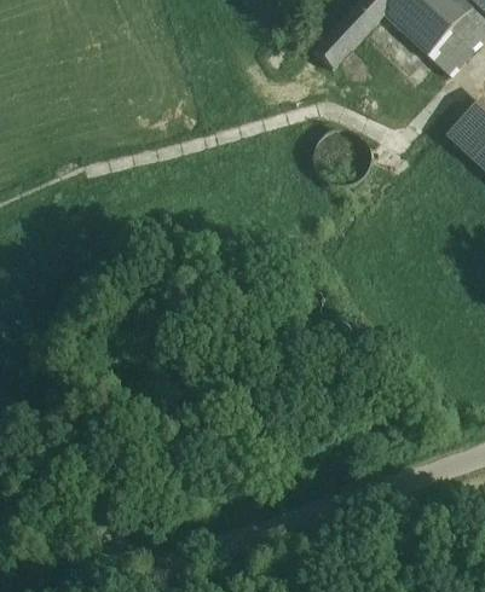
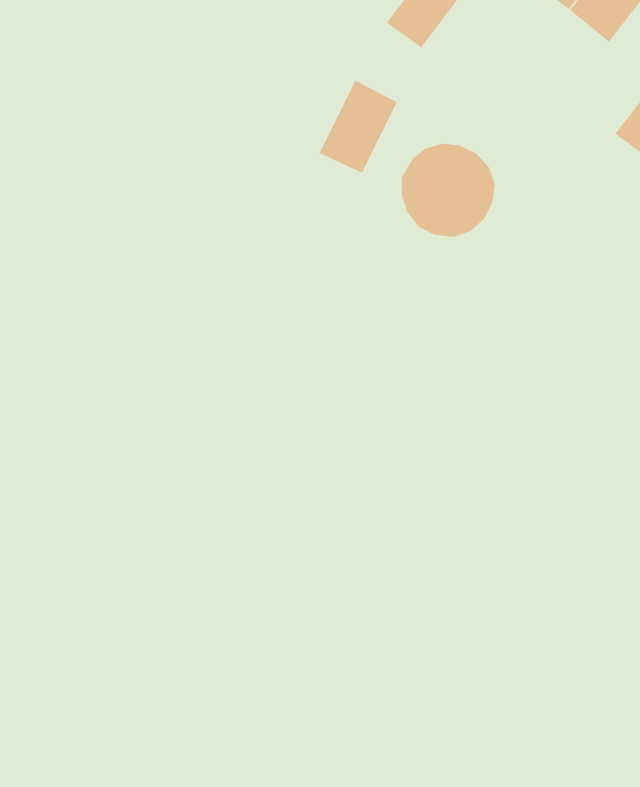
building: none -> [319,80,397,174]

